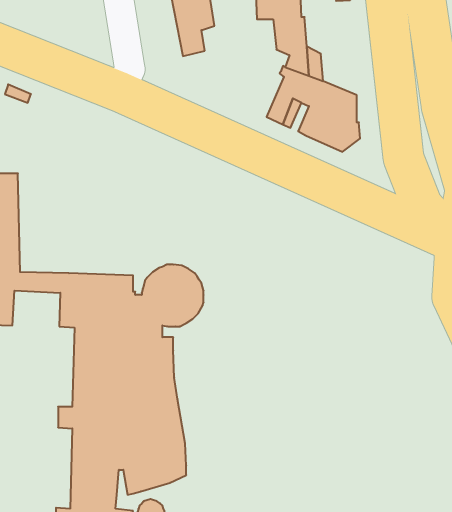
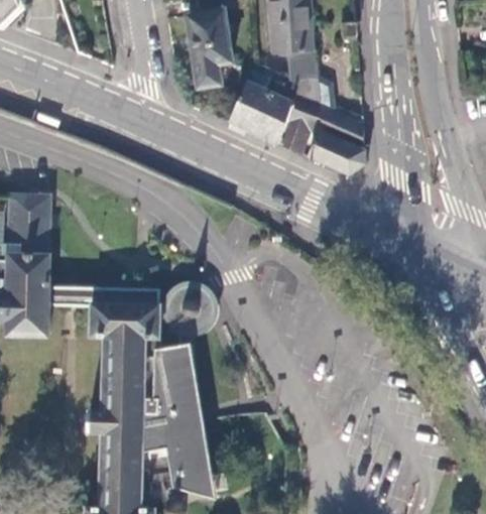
building: none -> [229,66,295,142]
building: none -> [140,342,215,500]

